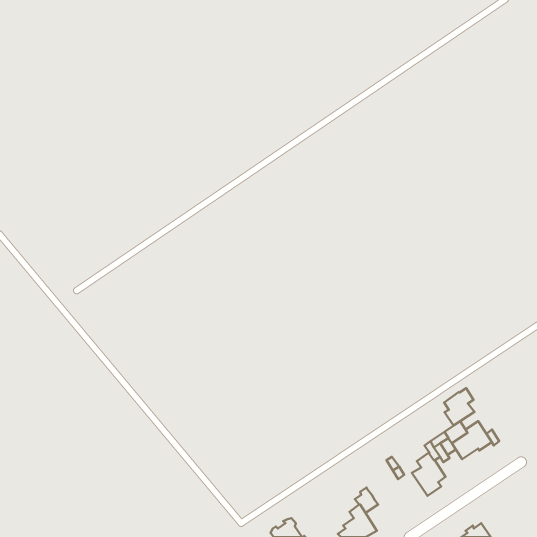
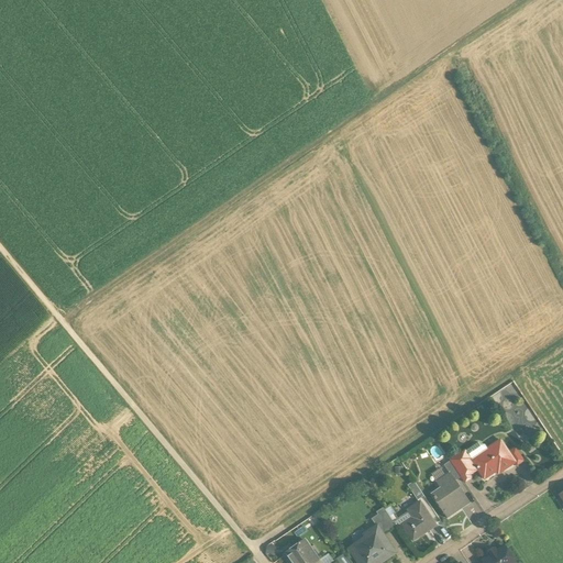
building: [444,388,474,426] -> none
building: none -> [391,501,433,541]

